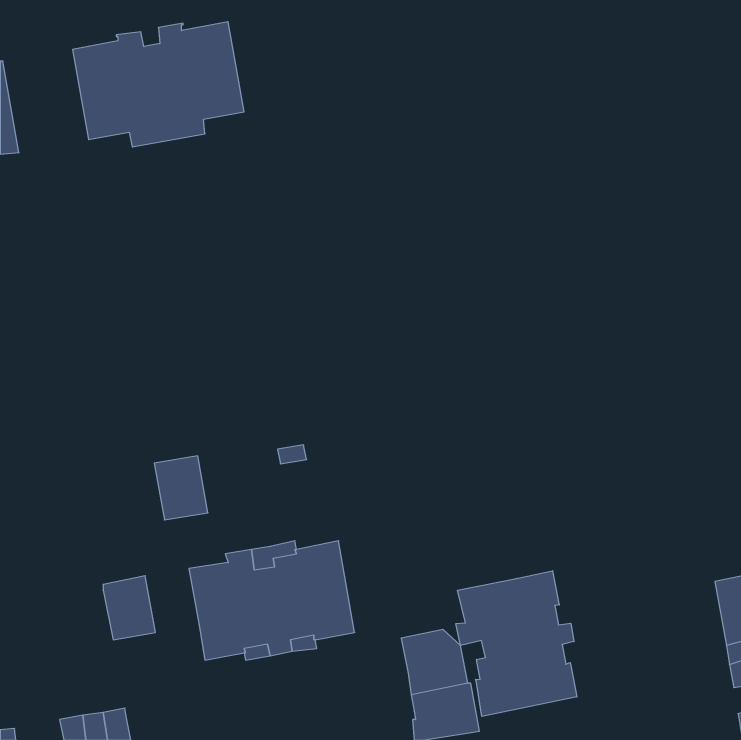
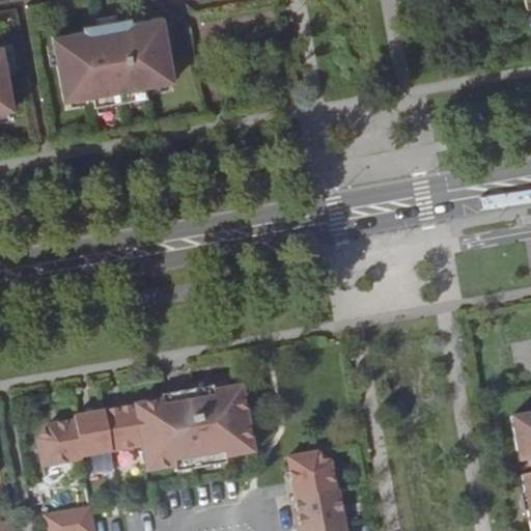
building: [154,456,208,520] -> [105,406,143,451]
building: [456,571,577,716] -> none
building: none -> [36,421,82,468]

